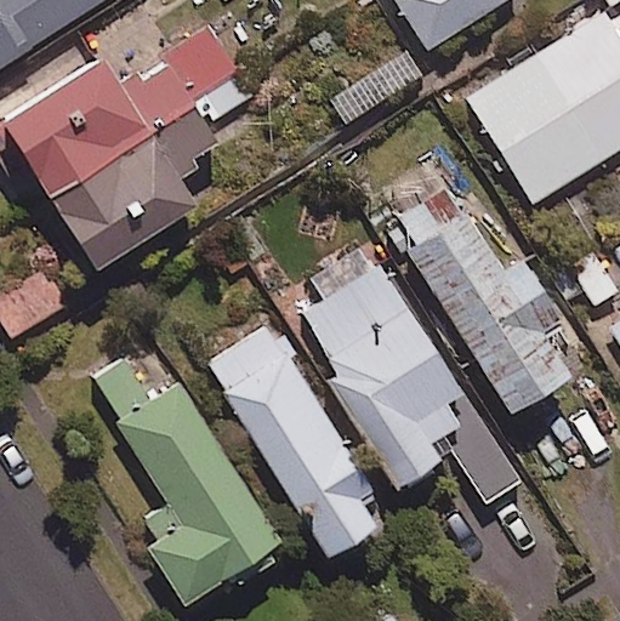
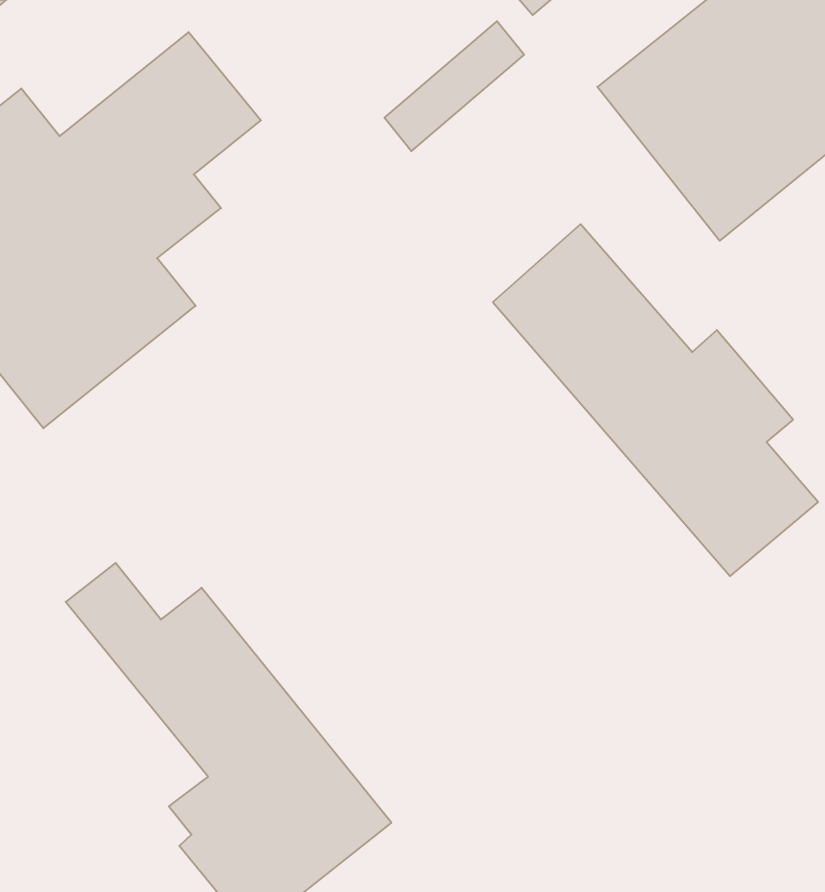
building: [301,264,521,503] -> none
building: [206,325,380,558] -> none

